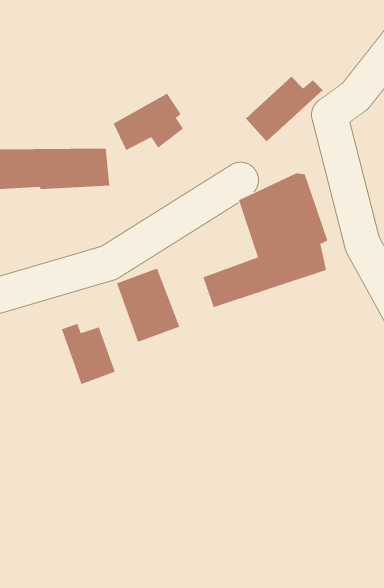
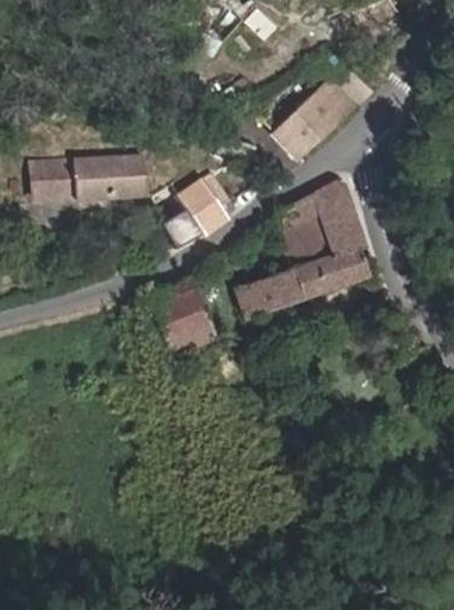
building: [113,93,184,151] -> [158,175,230,234]
building: [61,323,116,385] -> none

